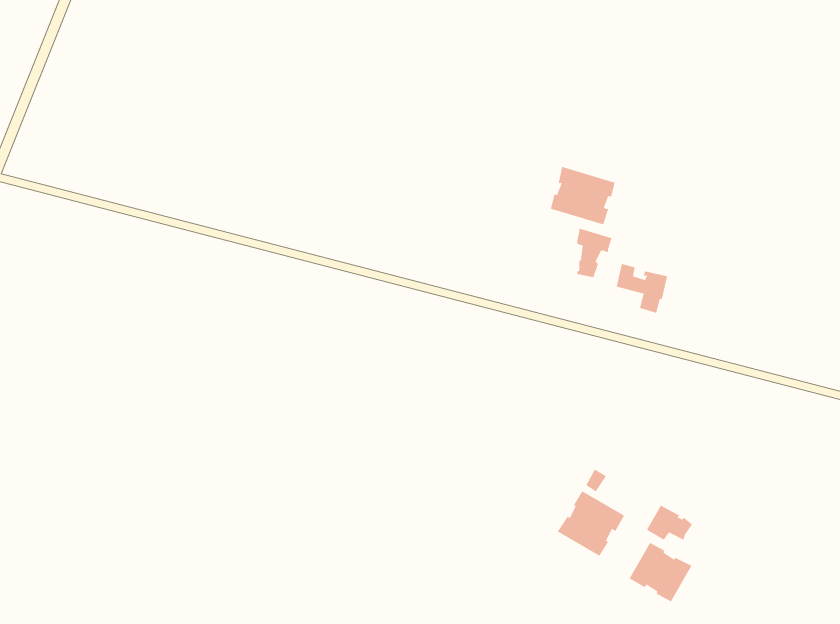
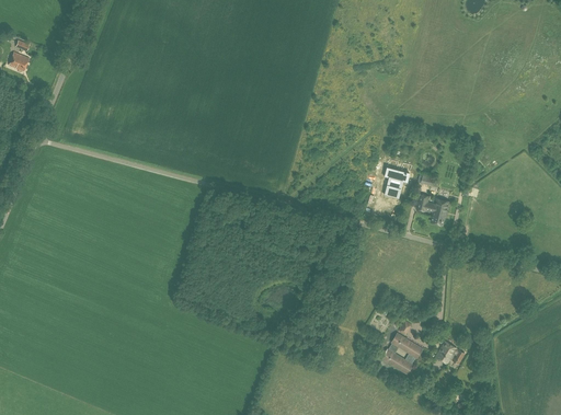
building: [550,166,615,225] -> none
building: [629,542,692,602] -> none

